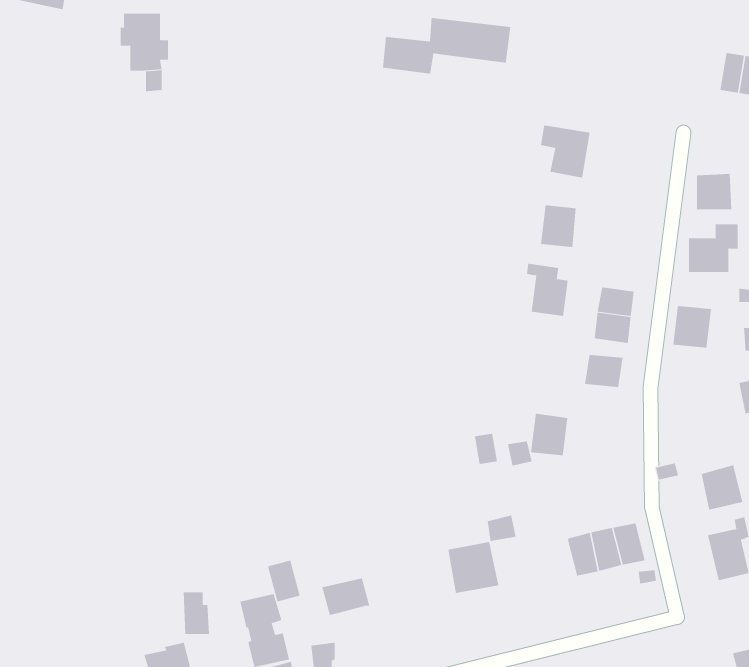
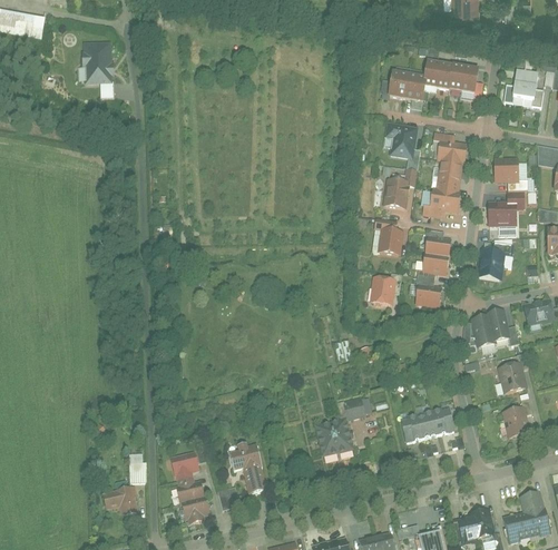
building: [382,18,511,74] -> [390,60,481,100]
building: none -> [423,130,467,217]
building: none -> [470,308,510,347]
building: [530,413,568,456] -> [369,276,395,306]
building: [267,560,300,602] -> [243,462,266,492]

